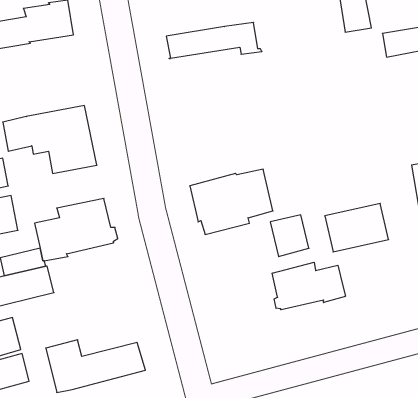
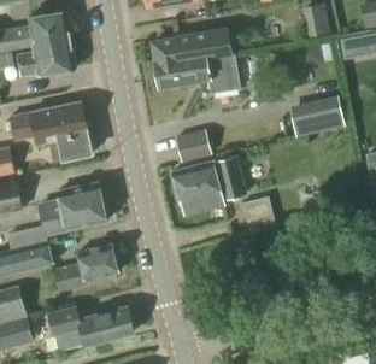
building: none -> [16,40,76,77]
building: none -> [154,51,240,93]
building: none -> [175,129,211,163]
building: [325,203,389,252] -> [289,95,345,137]
building: [272,262,345,310] -> none
building: none -> [52,243,118,292]

